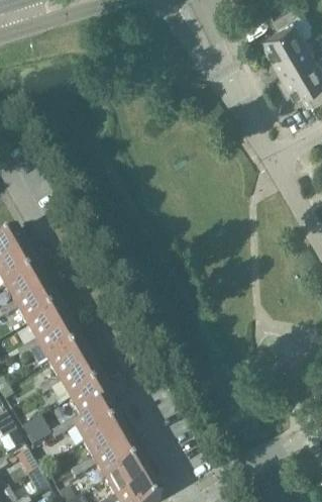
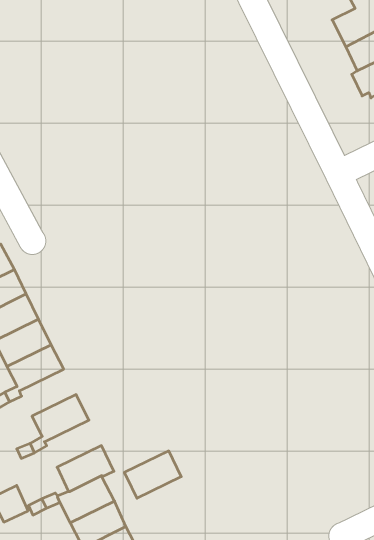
building: [37,326,82,365] -> none
building: [60,365,104,403] -> [124,451,181,498]

